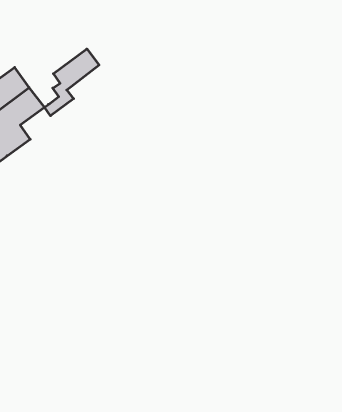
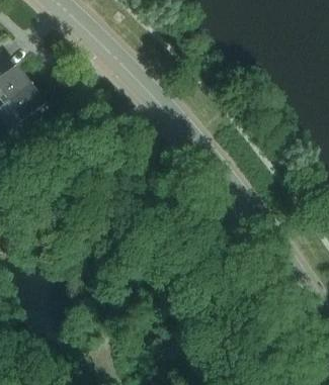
building: [45,49,99,116] -> none

